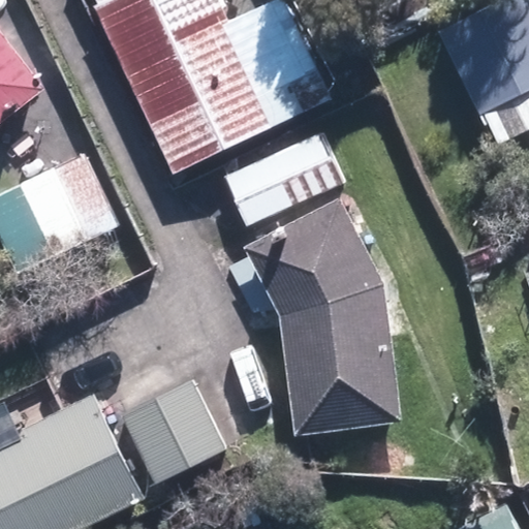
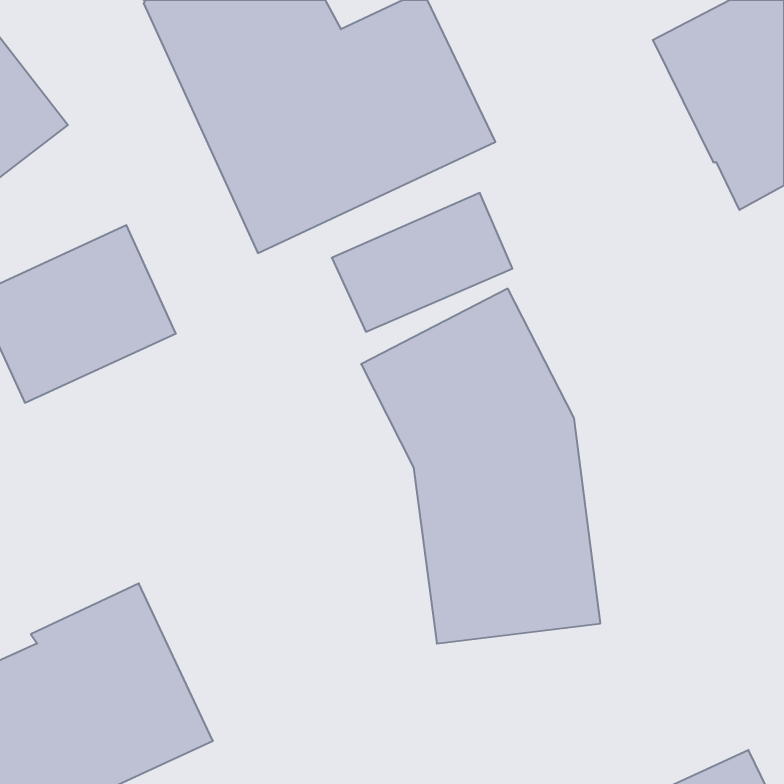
building: [118,379,227,487] -> none

